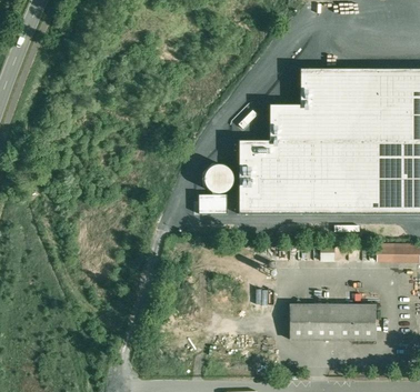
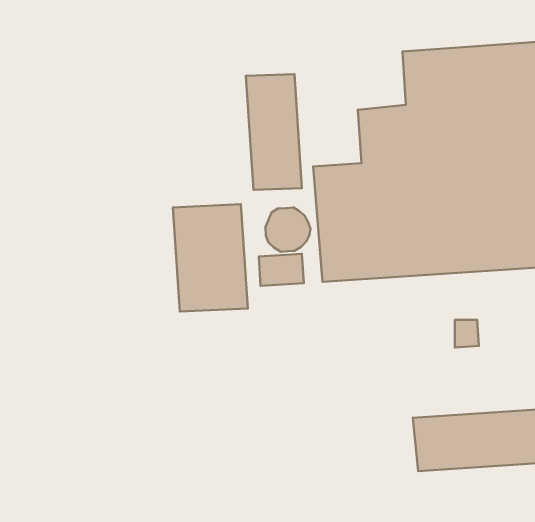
building: none -> [246,74,302,190]
building: none -> [173,204,248,312]

